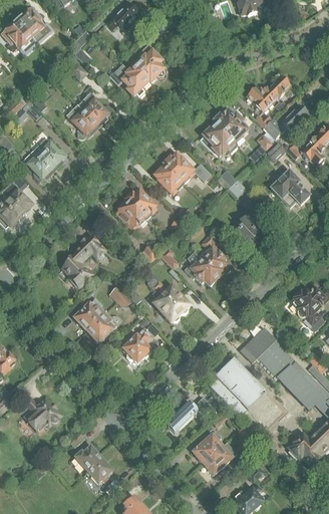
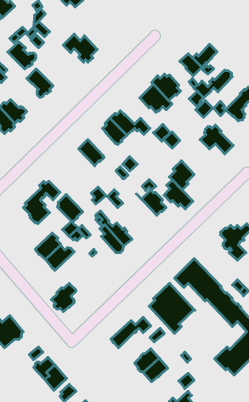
building: [133,45,164,82] -> none
building: [76,92,109,124] -> [8,42,36,69]
building: [115,199,145,230] -> [57,195,83,221]
building: [185,252,219,286] -> [164,180,193,209]
building: [123,329,152,362] -> [51,283,76,312]

